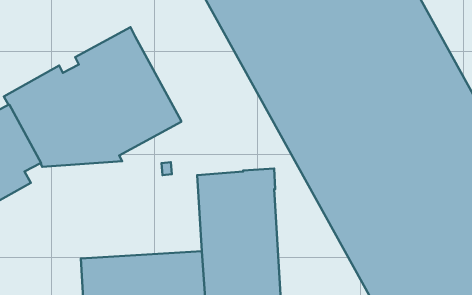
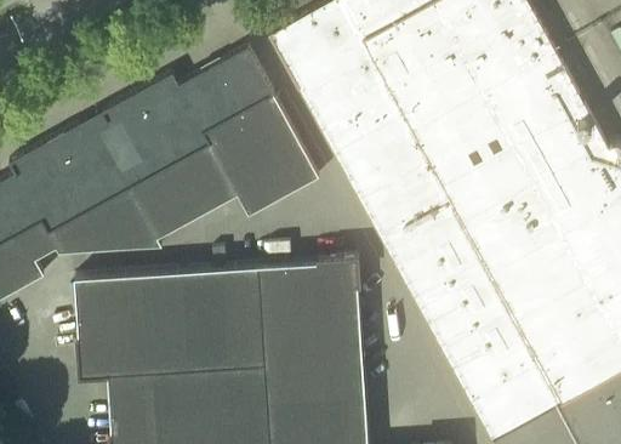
building: none -> [178,47,319,216]
building: none -> [75,266,264,377]

